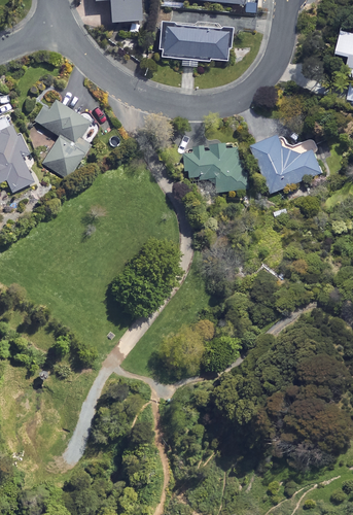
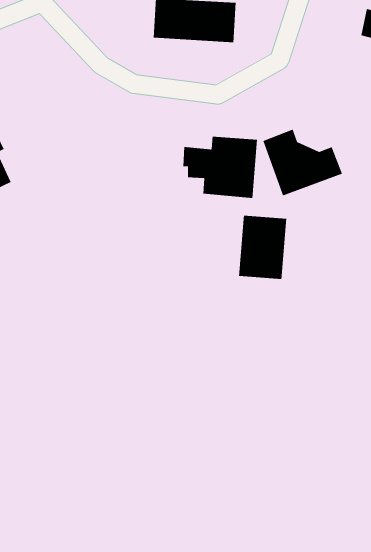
building: [37,98,98,179] -> none
building: none -> [238,215,287,280]

